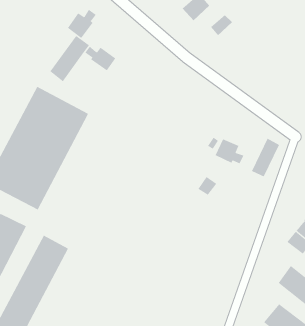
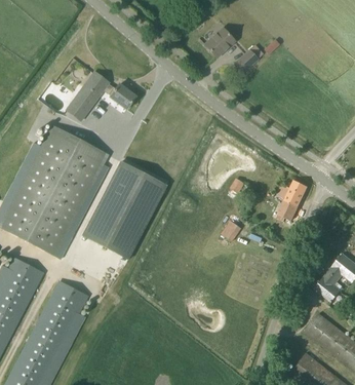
building: [67,9,96,39] -> none
building: none -> [81,161,166,260]
building: [215,139,244,164] -> none

